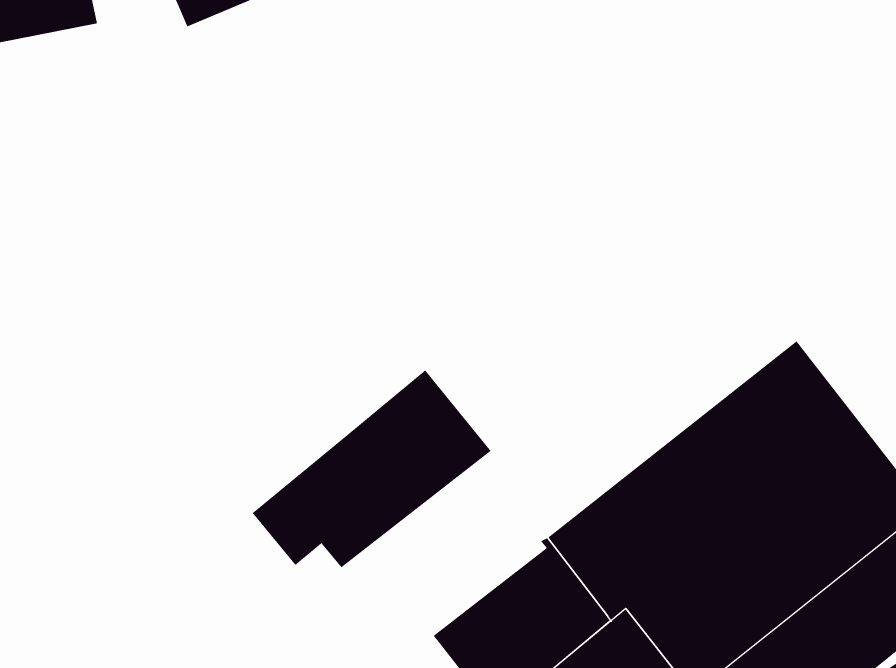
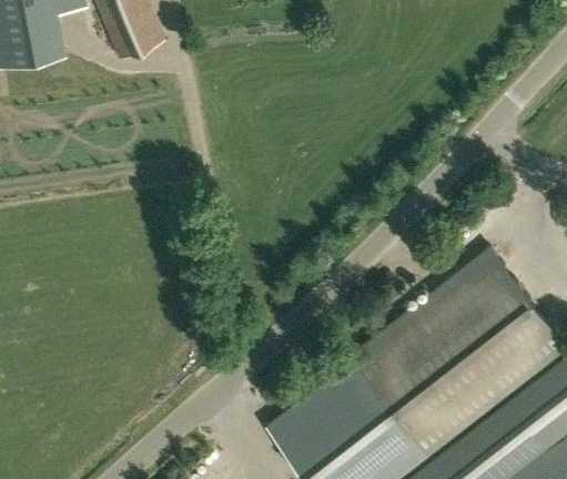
building: [252,370,491,568] -> none

